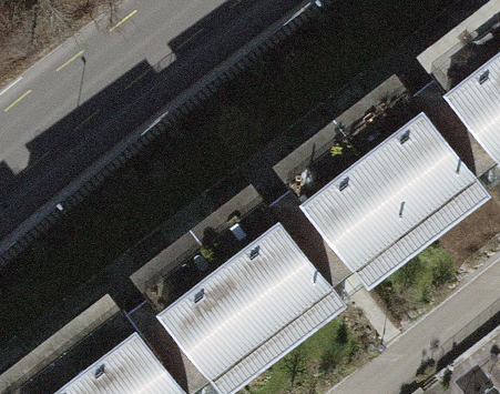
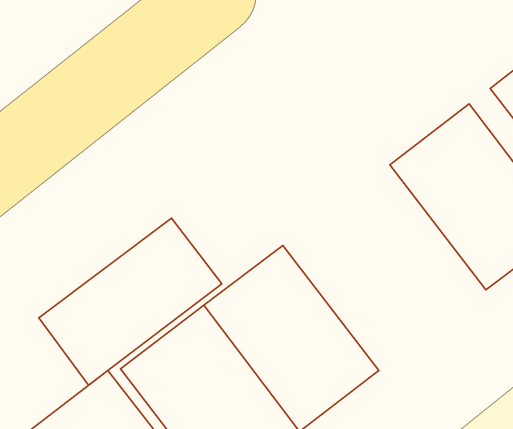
building: [290,150,433,301] -> none
building: none -> [39,218,222,385]

